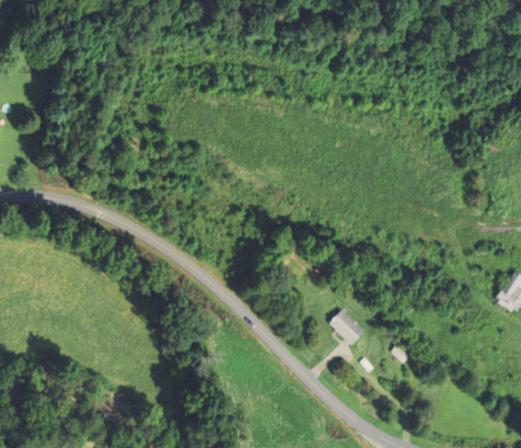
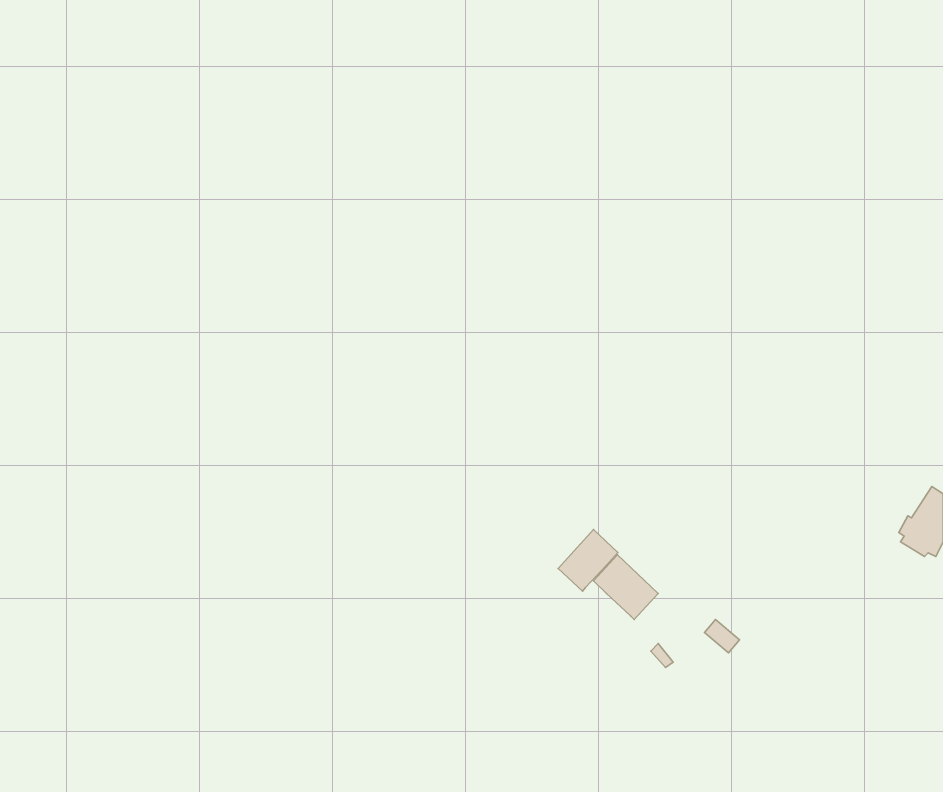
building: none -> [558,530,618,591]

